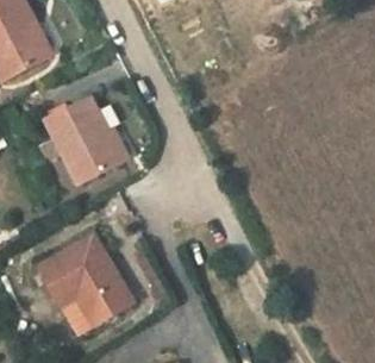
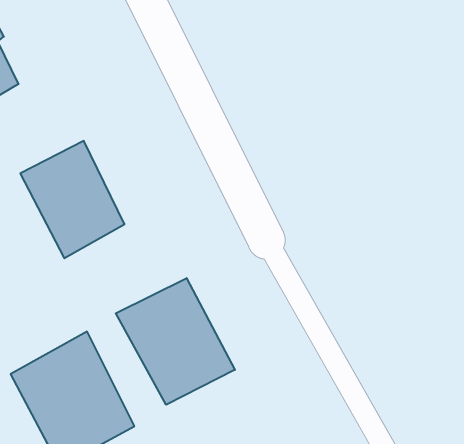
building: none -> [116,278,235,405]

